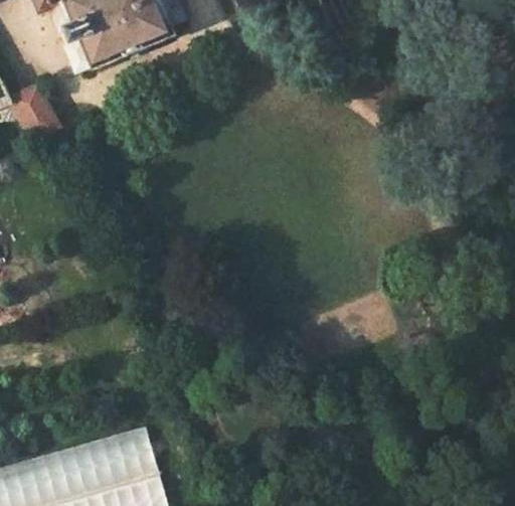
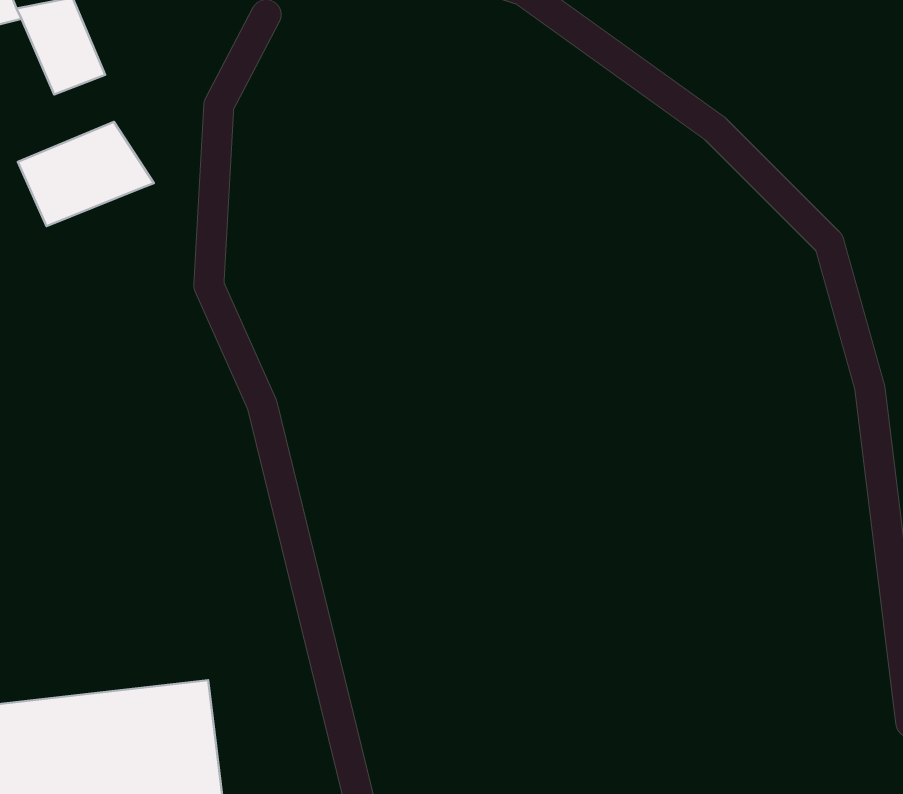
building: none -> [18,122,154,226]

